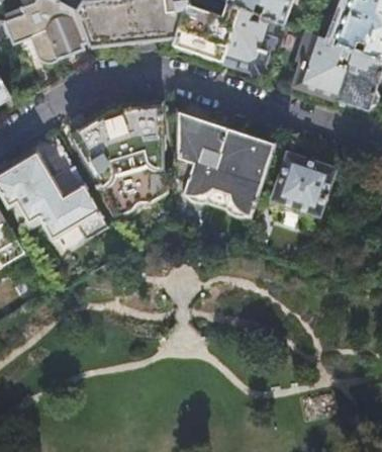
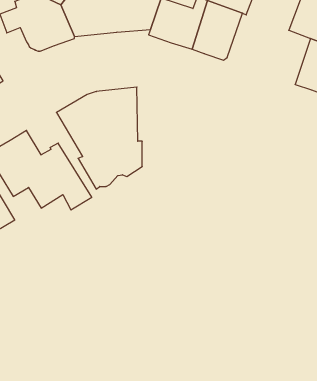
building: [294,33,354,100] -> none
building: [178,110,274,216] -> none
building: [273,154,333,214] -> none

